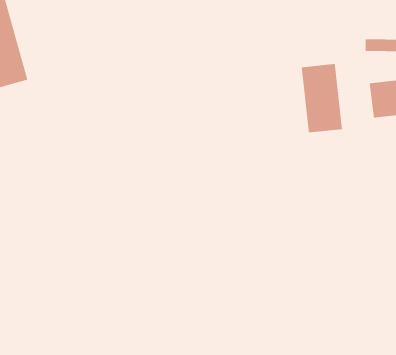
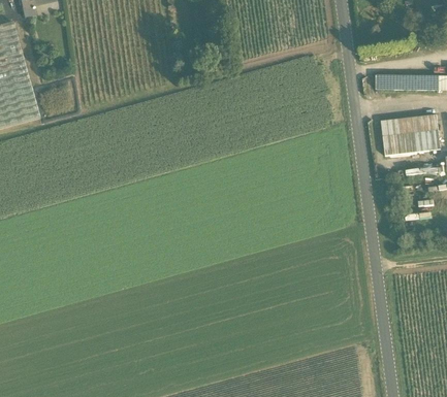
building: [301,63,342,133] -> none

